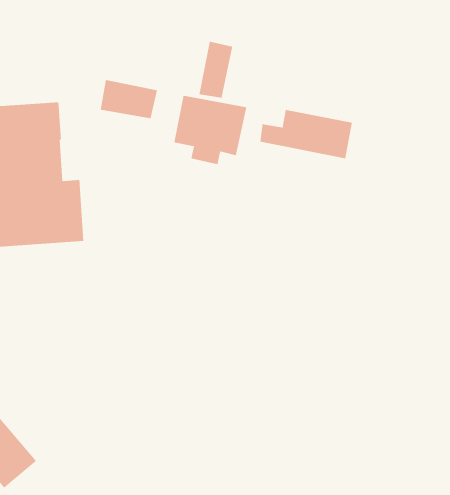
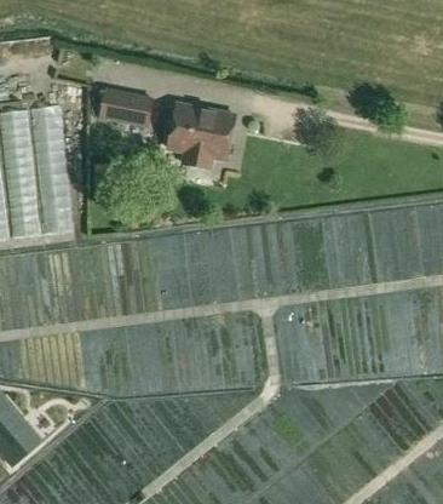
building: [199,41,233,99] -> none
building: [260,109,352,159] -> none

